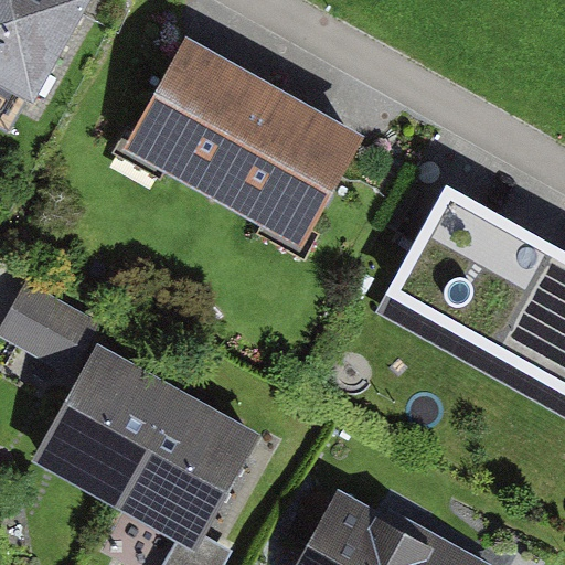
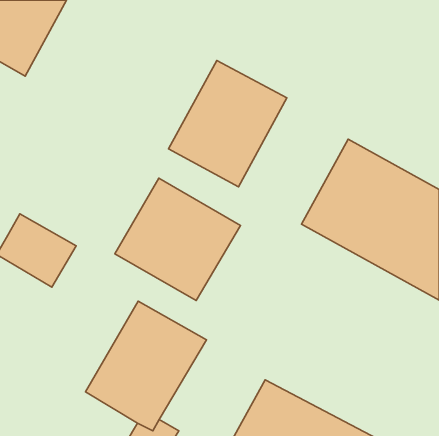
building: [122,34,277,198] -> none
building: none -> [115,178,240,300]
building: [28,344,177,508] -> none

